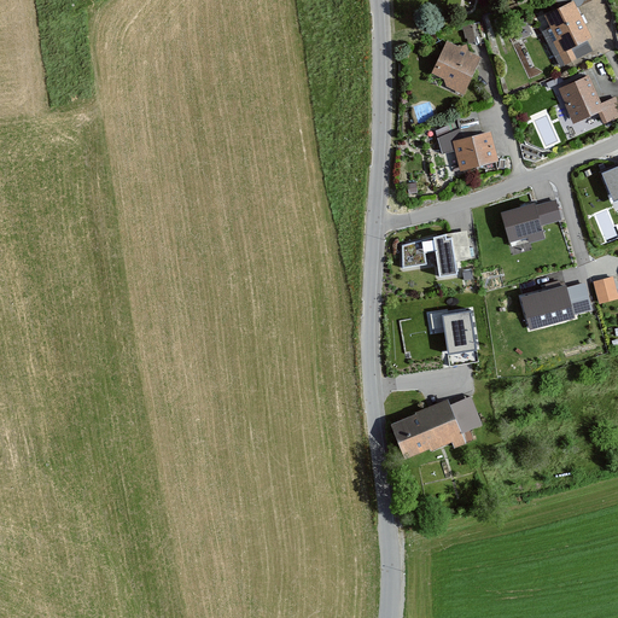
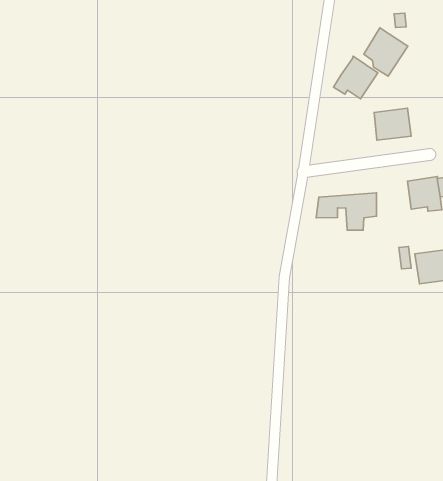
building: none -> [333,56,378,99]
building: [442,308,477,356] -> none
building: [392,393,479,456] -> none

